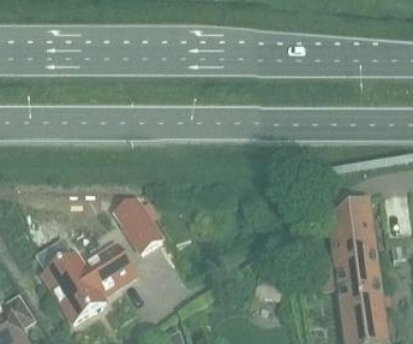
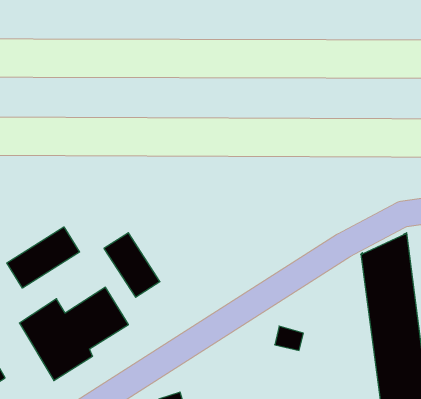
building: none -> [7,227,80,288]

